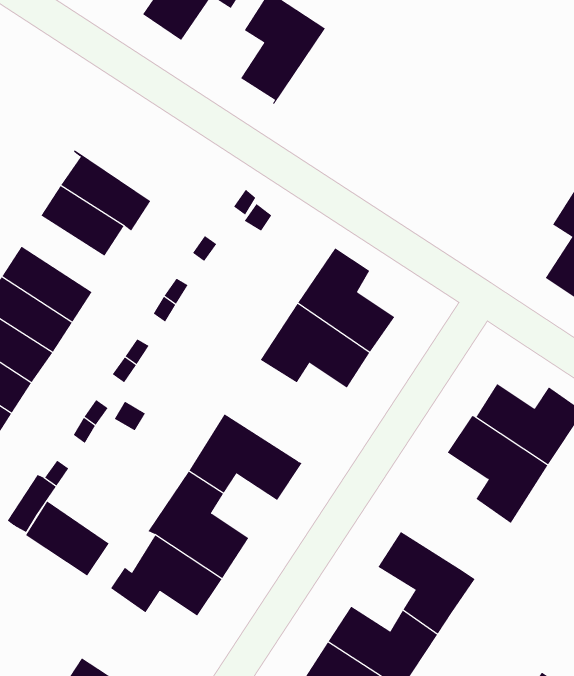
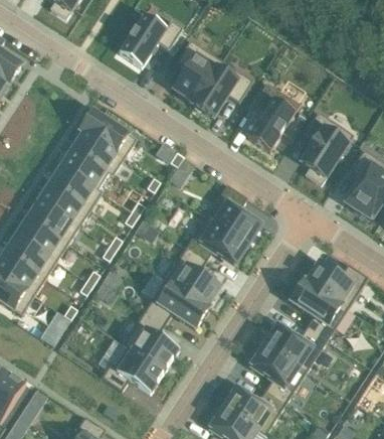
building: none -> [192,60,251,117]
building: none -> [246,83,299,151]
building: none -> [79,110,136,158]
building: none -> [300,112,352,184]
building: none -> [49,166,101,209]
building: none -> [164,248,219,305]
building: none -> [263,324,326,372]
building: [25,500,109,577] -> none

